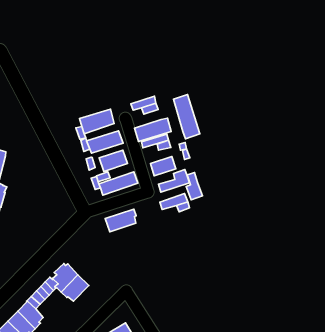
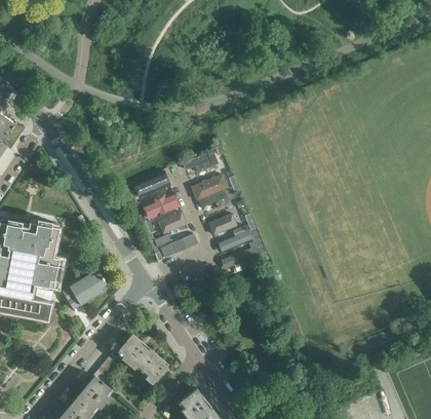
building: [173,94,200,139] -> none
building: none -> [63,273,106,306]
building: [105,209,136,232] -> none
building: none -> [142,354,168,383]

